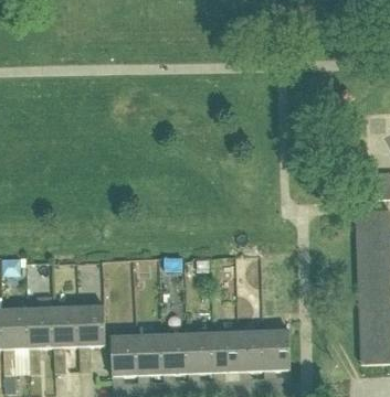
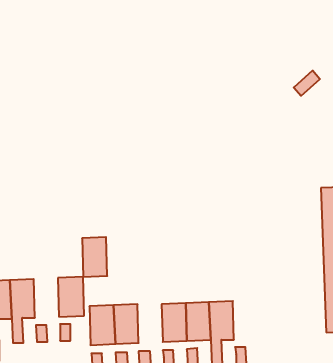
building: [52,305,78,347] -> [82,237,107,277]
building: [262,329,289,371] -> none
building: [161,333,188,374] -> none

